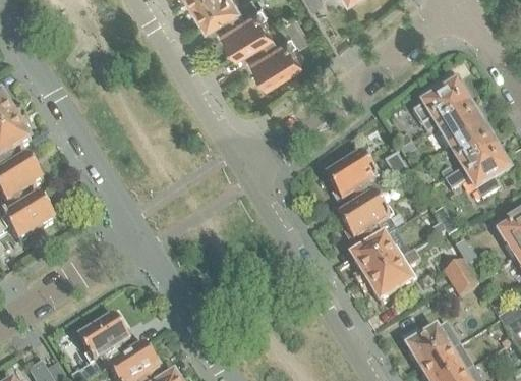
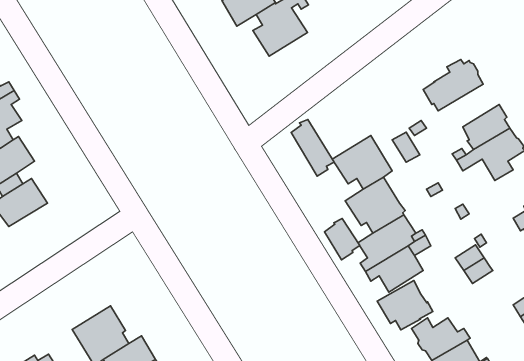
building: [435,108,484,149] -> none
building: none -> [291,119,334,176]
building: none -> [324,218,360,260]
building: none -> [377,281,433,330]

